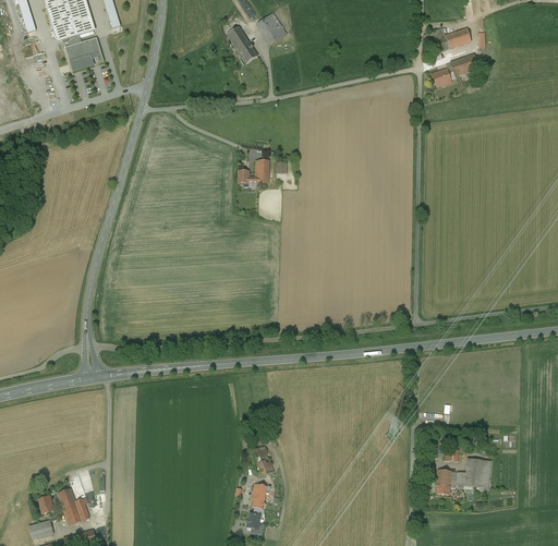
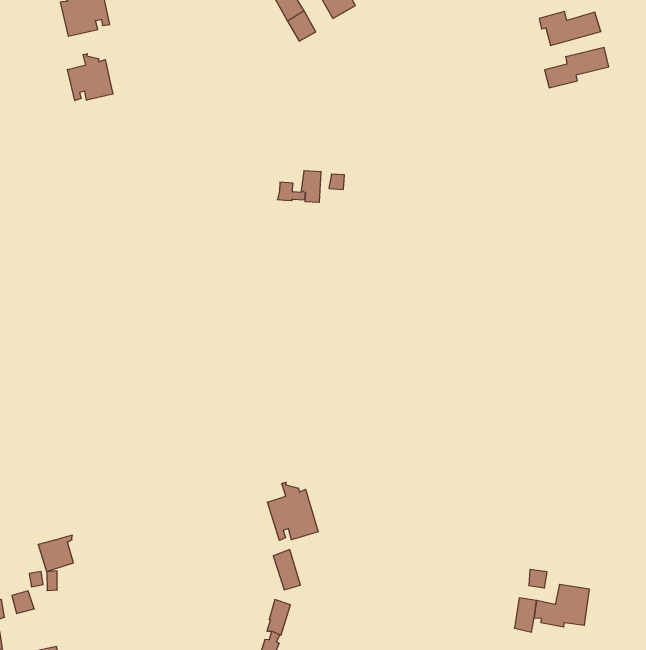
building: none -> [67,54,113,101]
building: none -> [267,482,318,540]
building: [62,497,89,525] -> [38,535,73,571]

